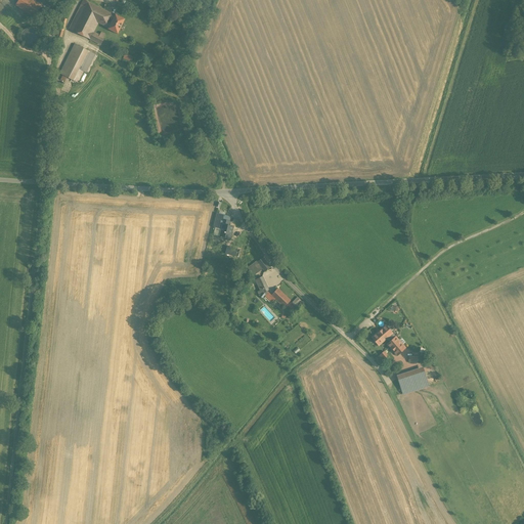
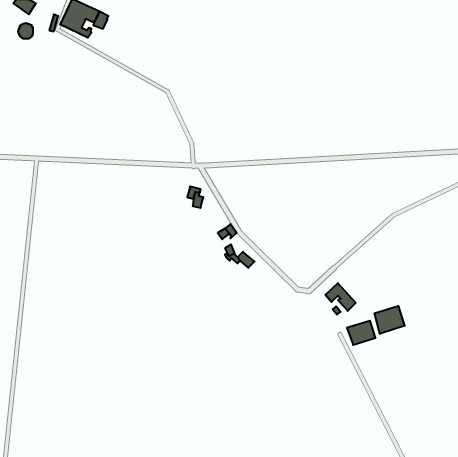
building: [59,43,95,82] -> none
building: none -> [374,306,405,334]

